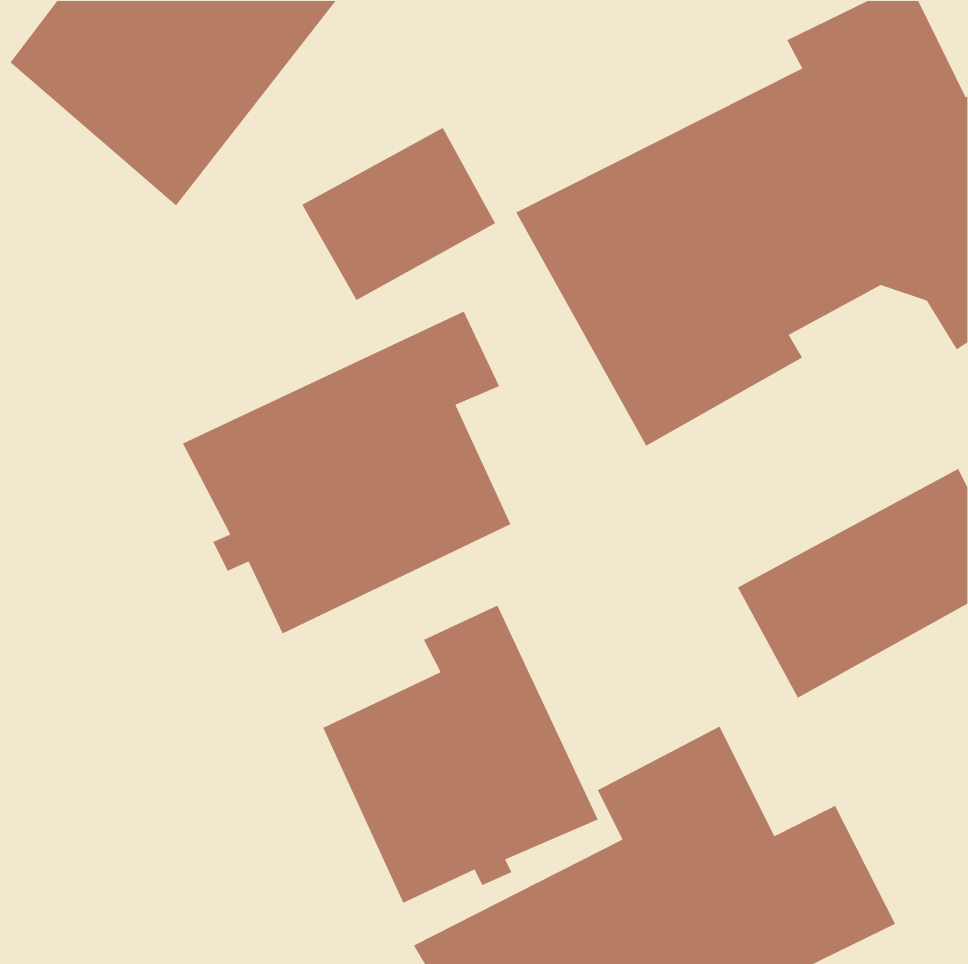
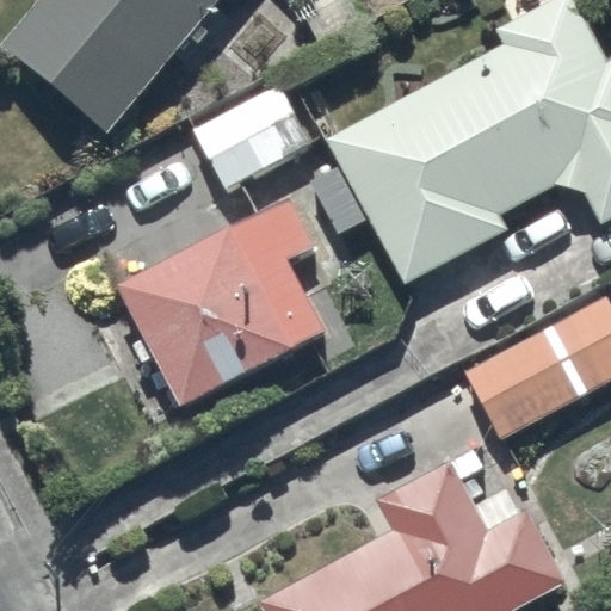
building: [322,605,599,904] -> none

